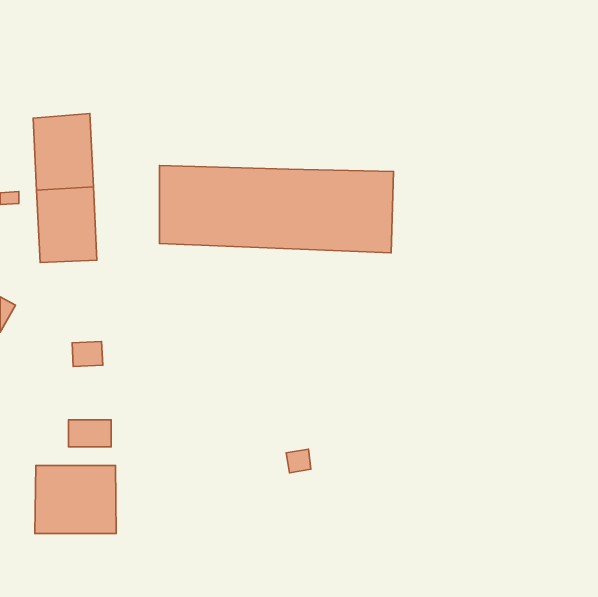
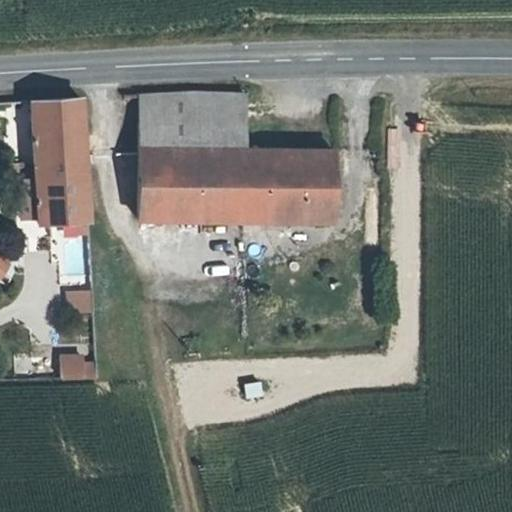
building: none -> [139,94,249,149]
building: [35,465,116,534] -> none

